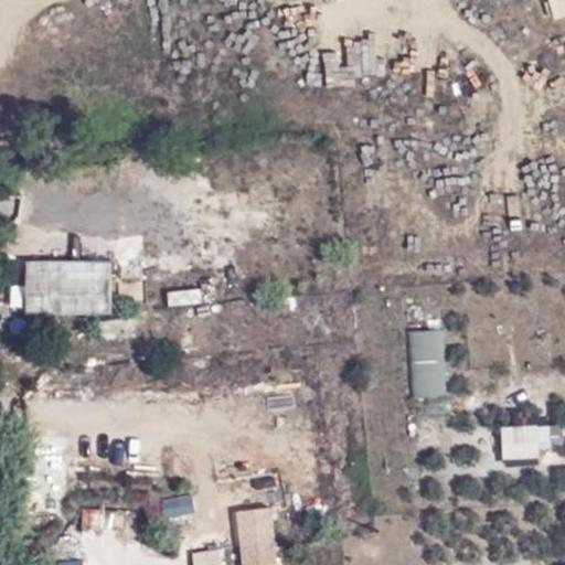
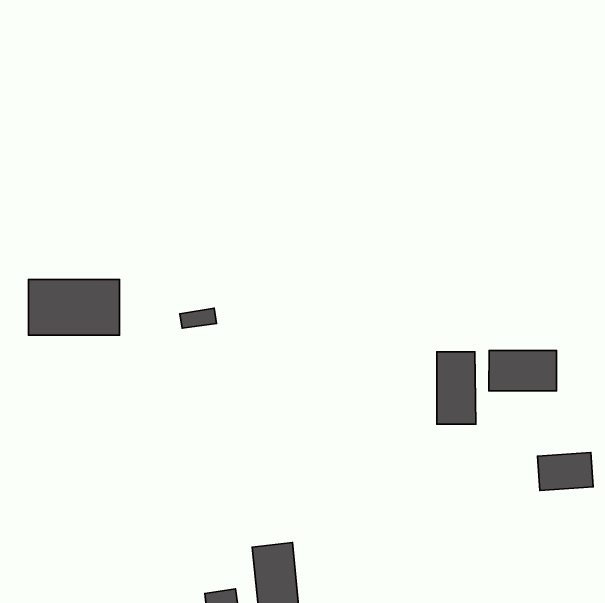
building: none -> [489,351,556,391]

